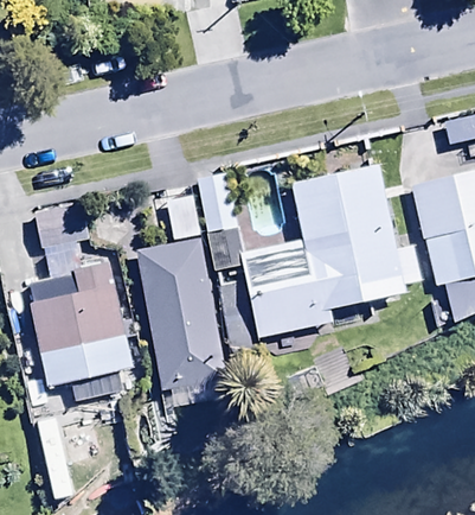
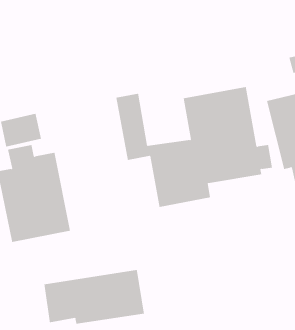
building: [140,195,226,407] -> none
building: none -> [44,269,145,325]

